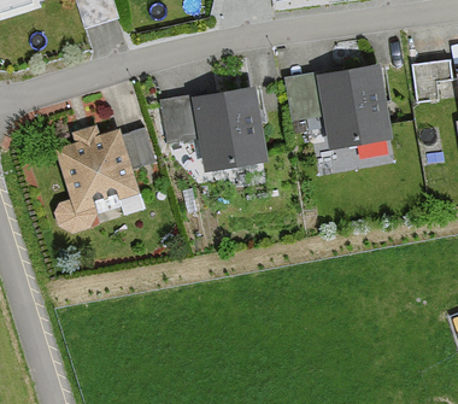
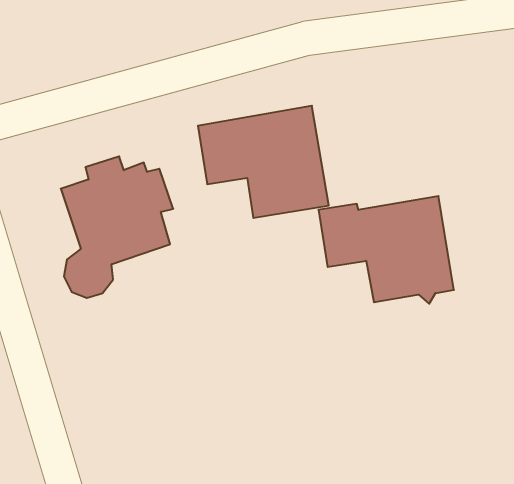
building: [287,65,393,150] -> [318,196,454,304]

